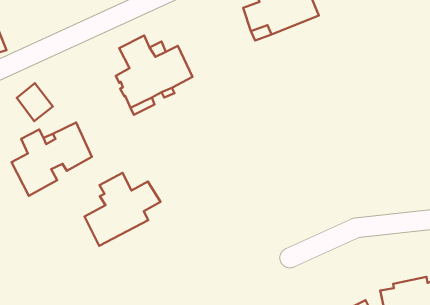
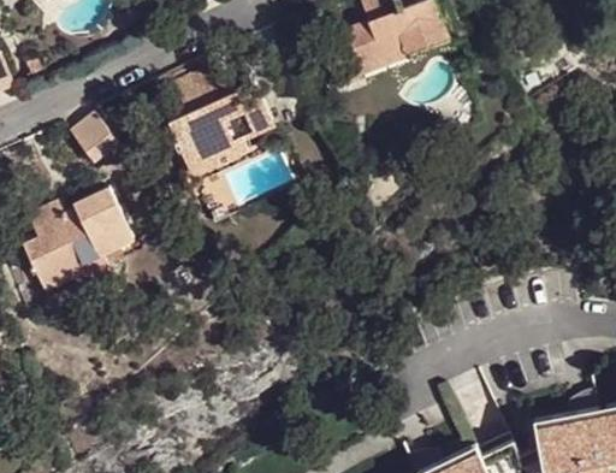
building: [17,83,53,121] -> [67,111,118,164]
building: [85,173,160,246] -> none

